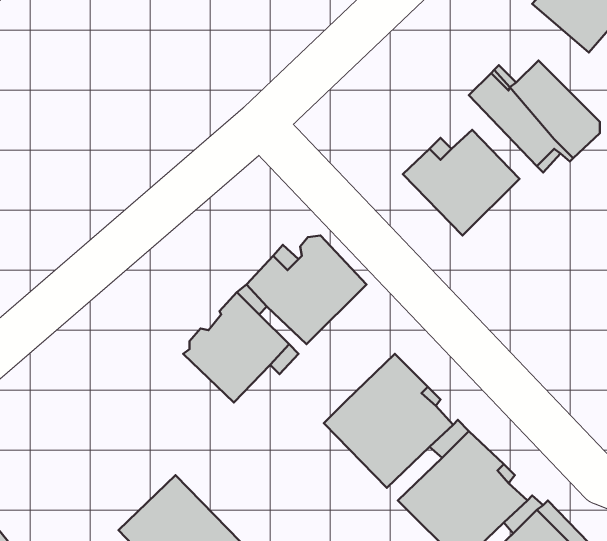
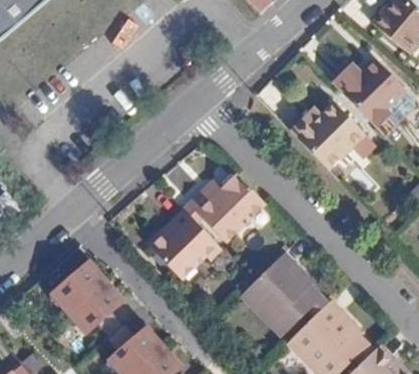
building: none -> [49,261,121,333]

